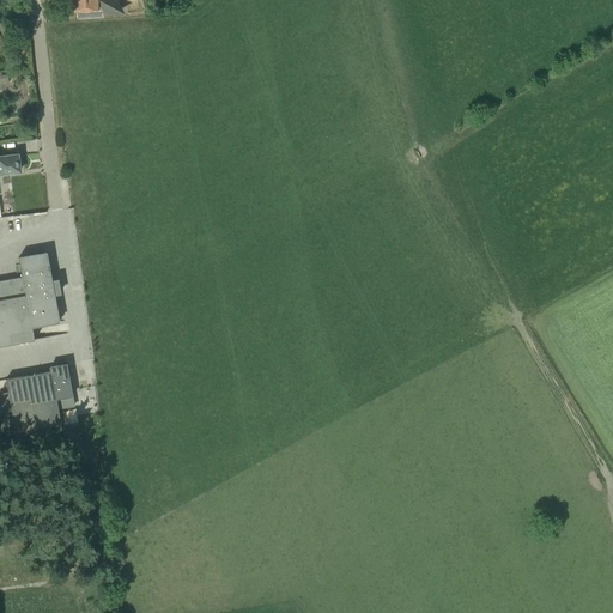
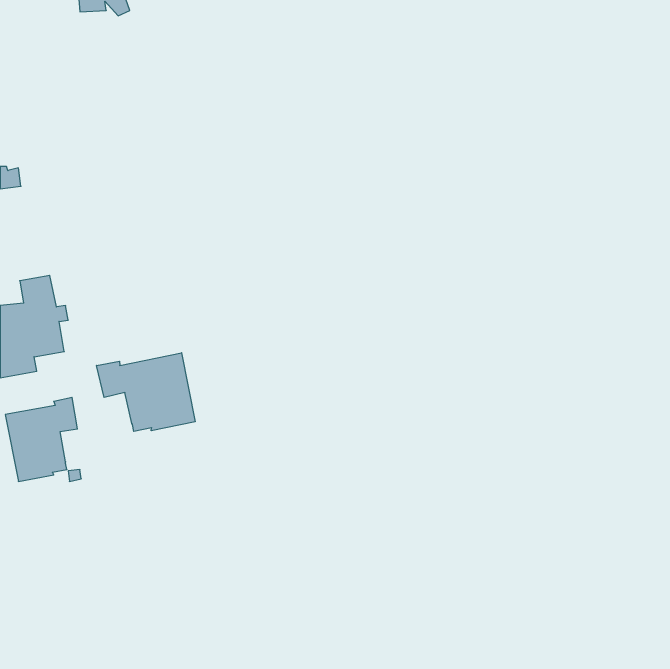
building: none -> [97,353,195,431]

